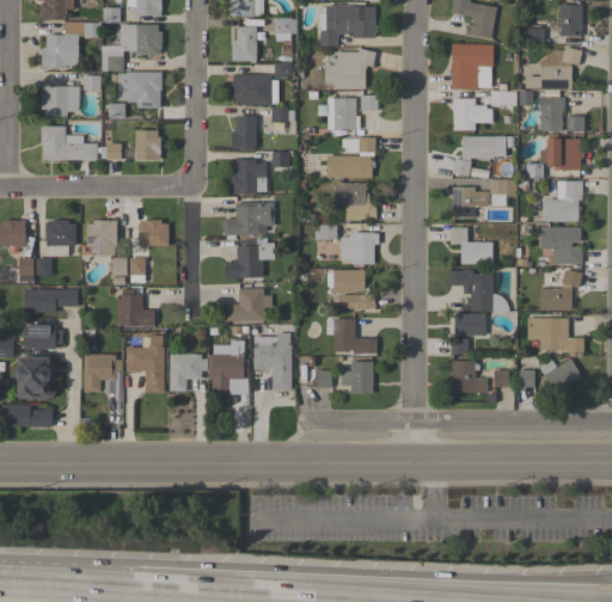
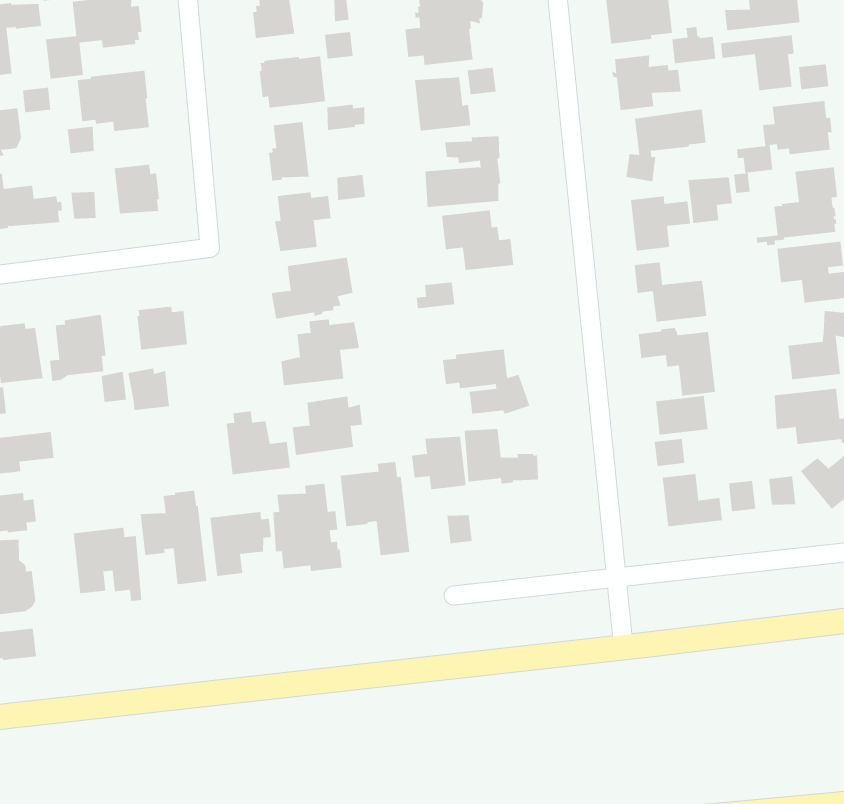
building: [341,232,379,264] -> none
building: [117,288,154,326] -> [226,411,291,475]
building: [341,361,373,393] -> [411,436,467,490]

